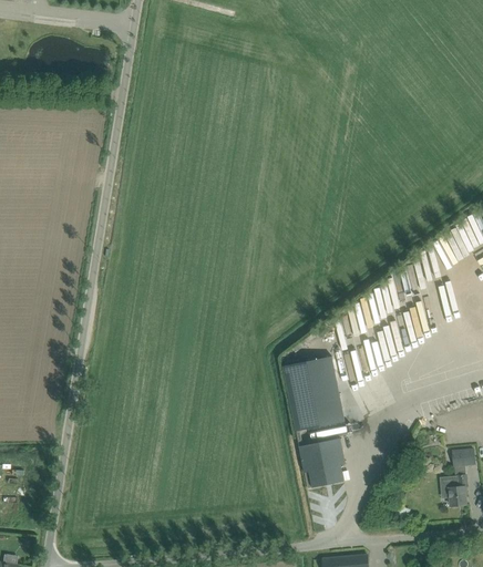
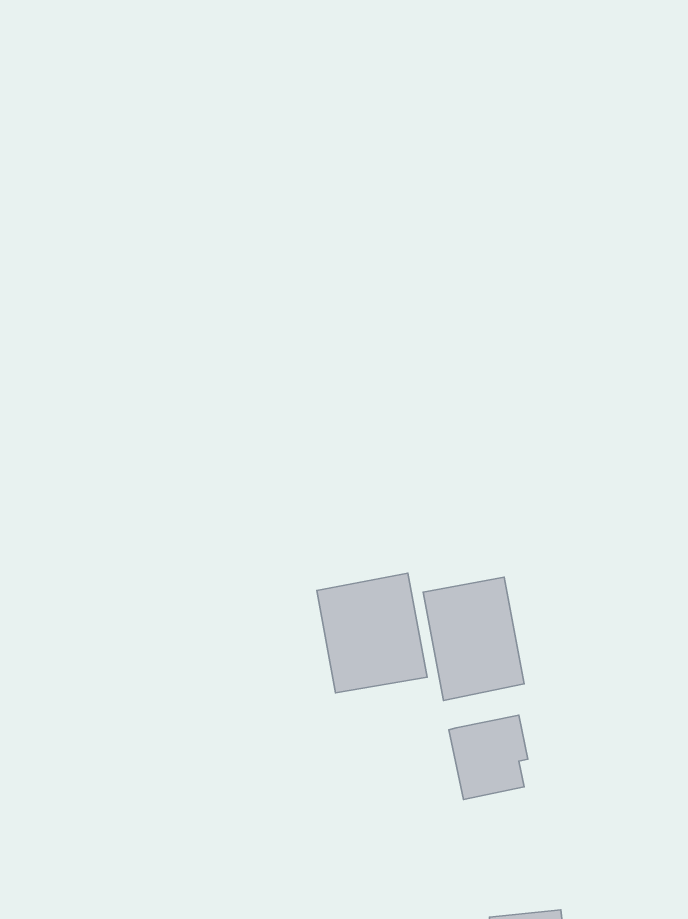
building: none -> [317,573,427,693]

